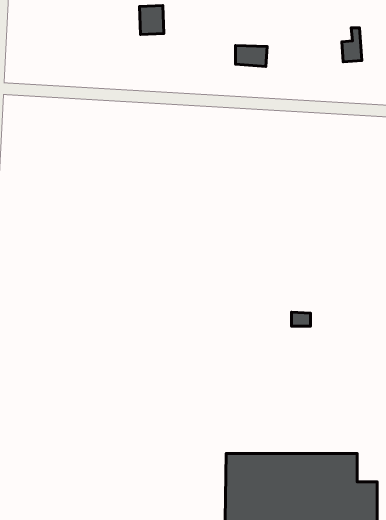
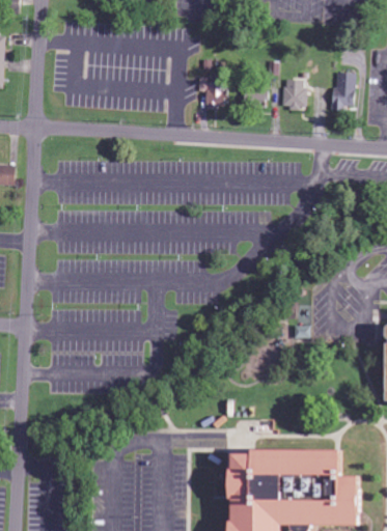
building: [139,5,164,35] -> [203,82,225,108]
building: none -> [280,80,304,109]

